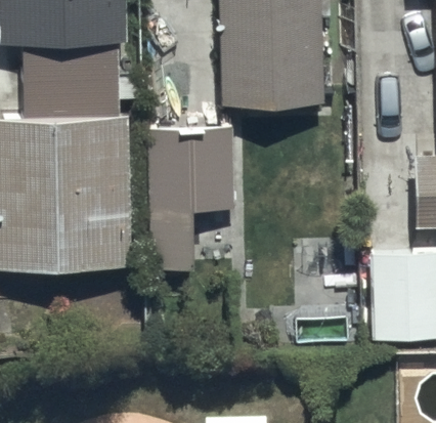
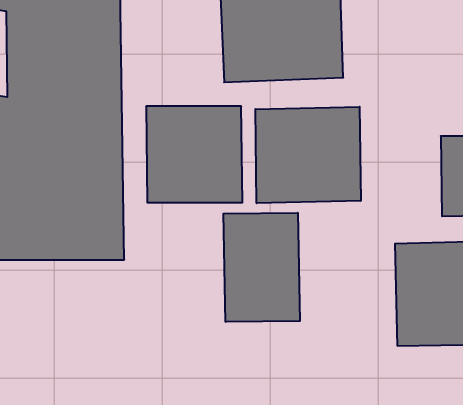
building: none -> [255,107,361,203]
building: none -> [223,213,300,322]

